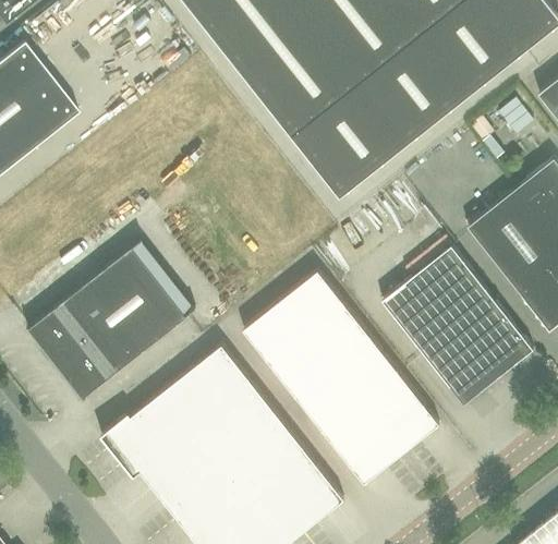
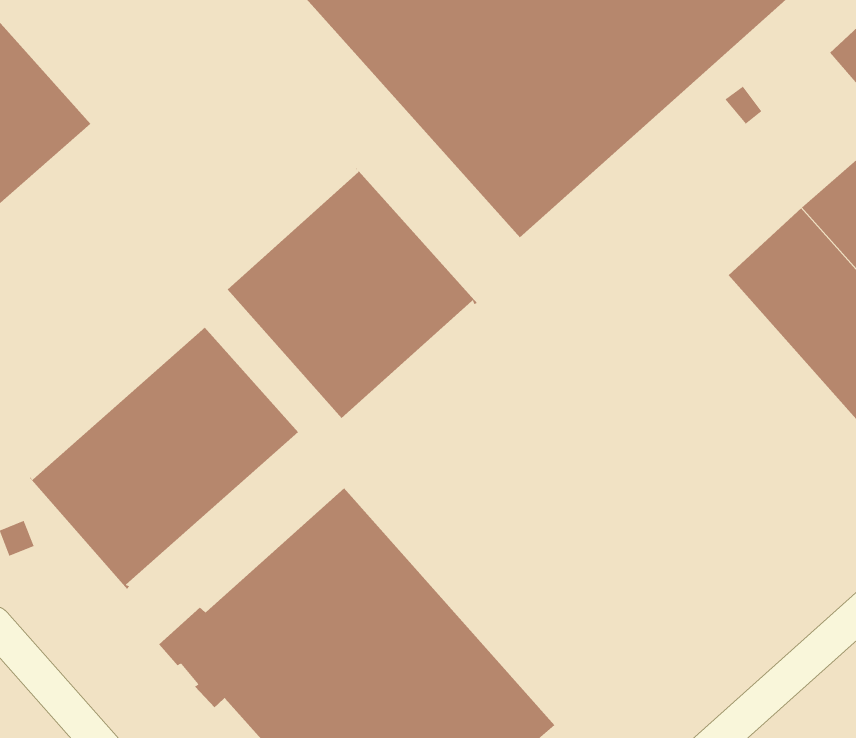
building: none -> [227,168,478,419]
building: [383,246,534,406] -> none
building: [243,271,439,484] -> none

